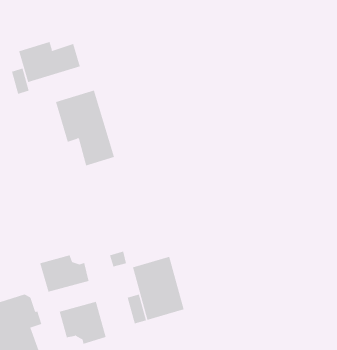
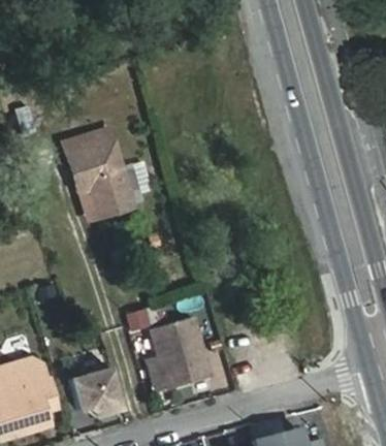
building: [18,41,80,83] -> none
building: [40,254,89,293] -> none

